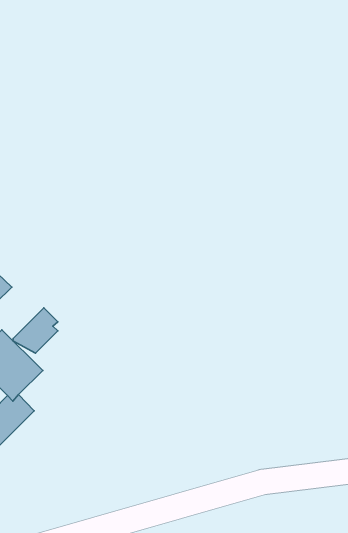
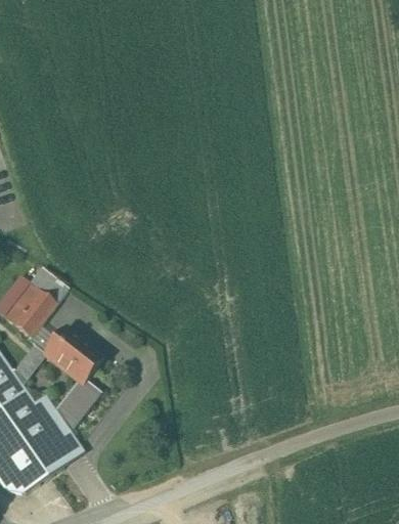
building: [13,308,58,353] -> none

